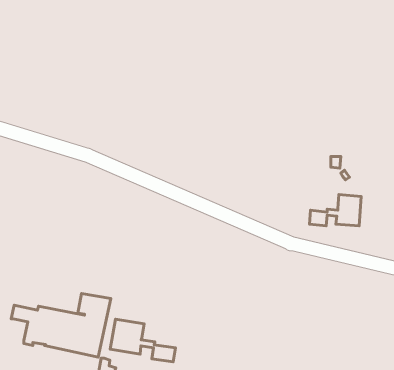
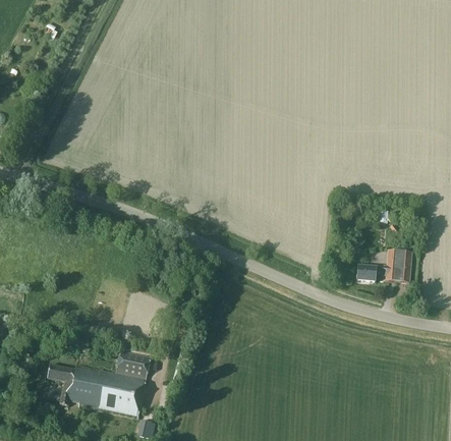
building: [110,319,175,362] -> none

